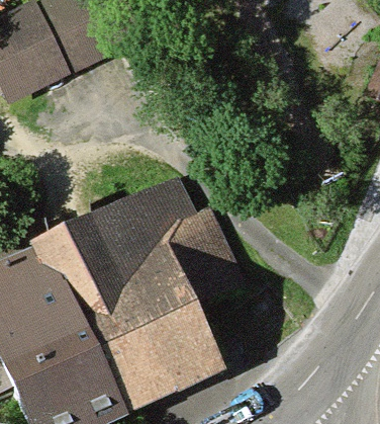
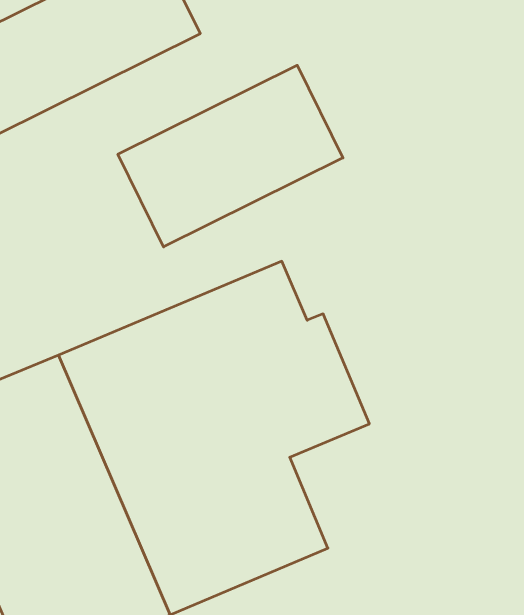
building: none -> [118,65,343,247]

